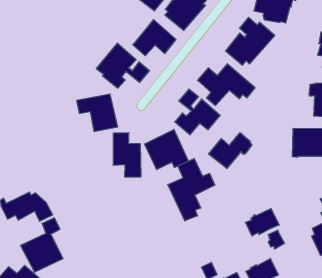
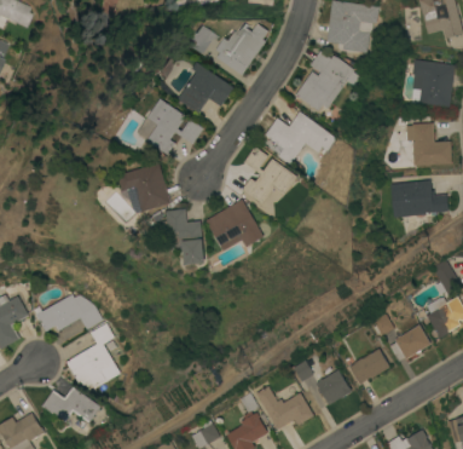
building: [208,133,252,169] -> none
building: [168,158,215,221] -> none
building: [245,209,279,236] -> [389,324,432,361]

